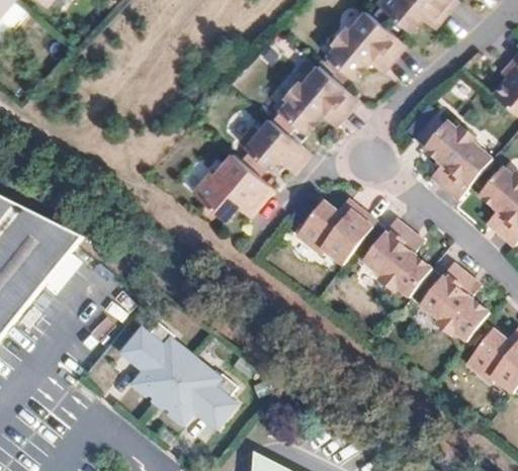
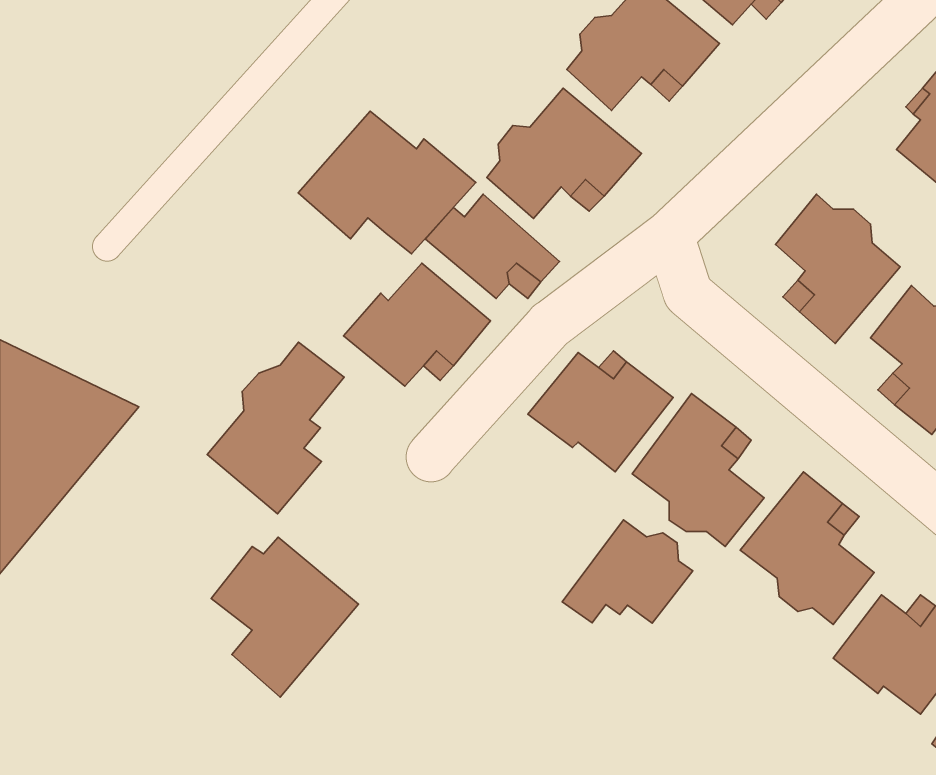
building: none -> [298,111,476,254]
building: none -> [207,342,344,514]
building: none -> [562,520,693,623]
building: [159,340,242,414] -> none

